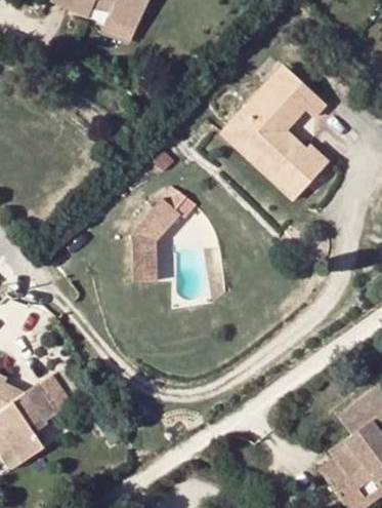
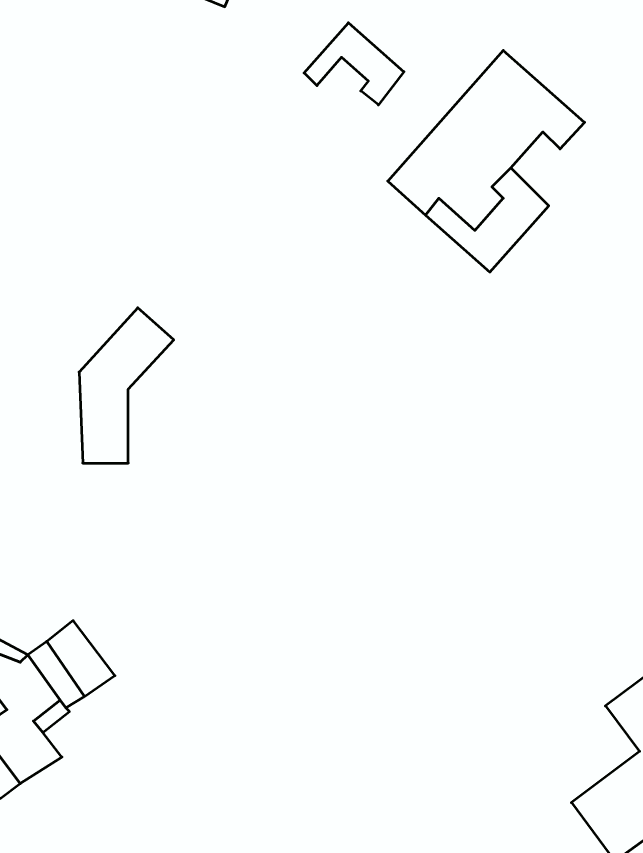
building: none -> [304,23,404,105]
building: [274,143,329,200] -> none
building: [131,199,182,283] -> [79,308,174,463]

